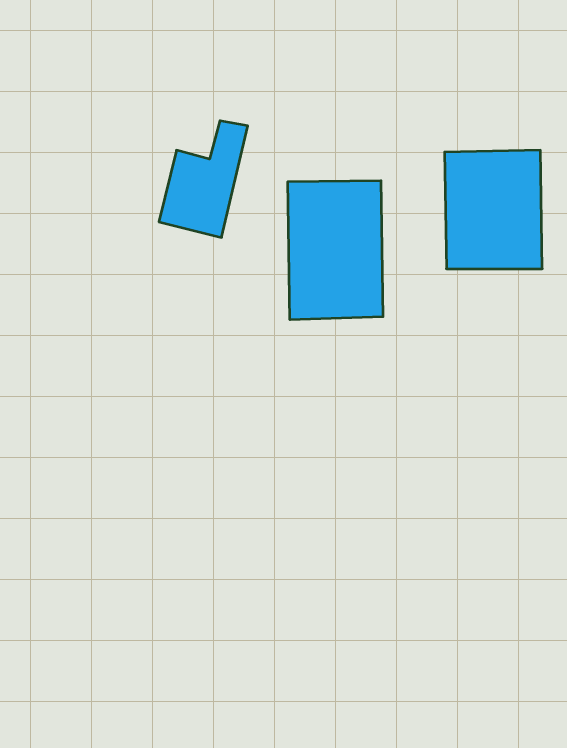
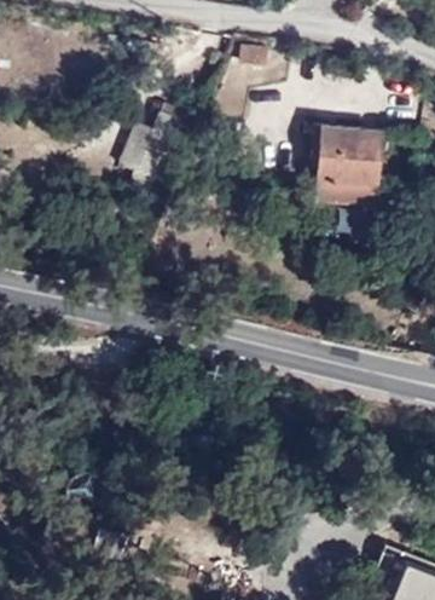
building: [288,181,383,320] -> none

